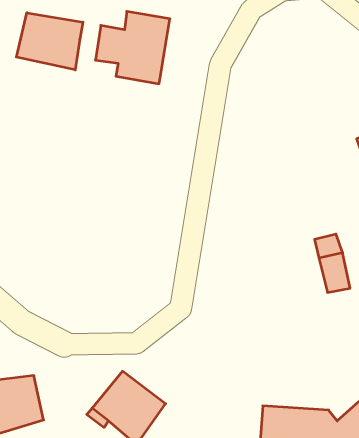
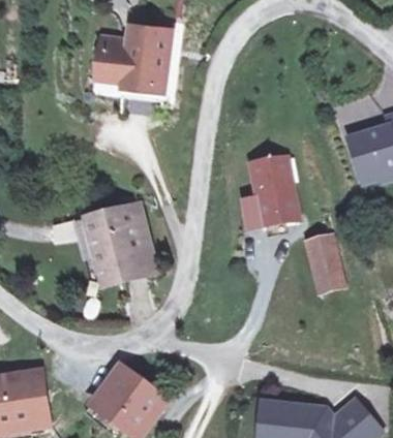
building: [16,13,83,70] -> none
building: none -> [244,156,299,229]
building: none -> [91,210,151,283]

